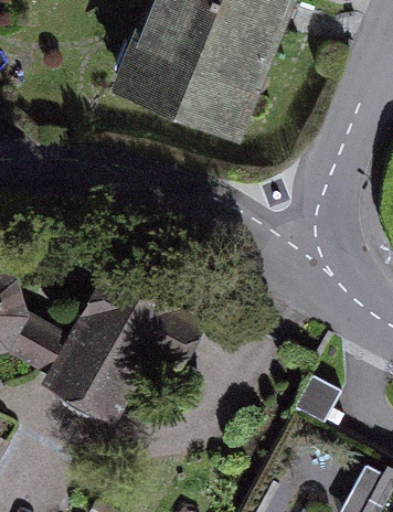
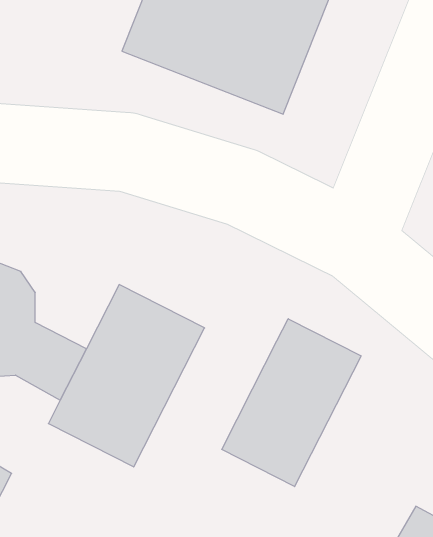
building: none -> [222,319,361,487]

